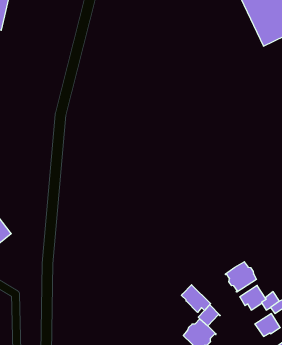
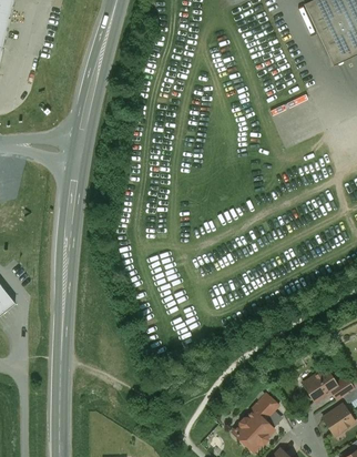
building: [225,262,256,292] -> none
building: [181,285,211,312] -> none

